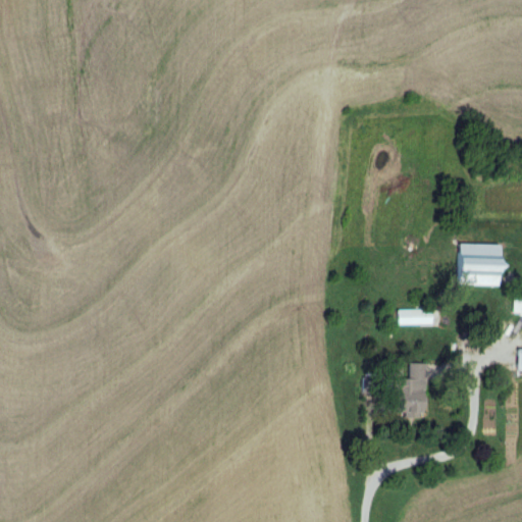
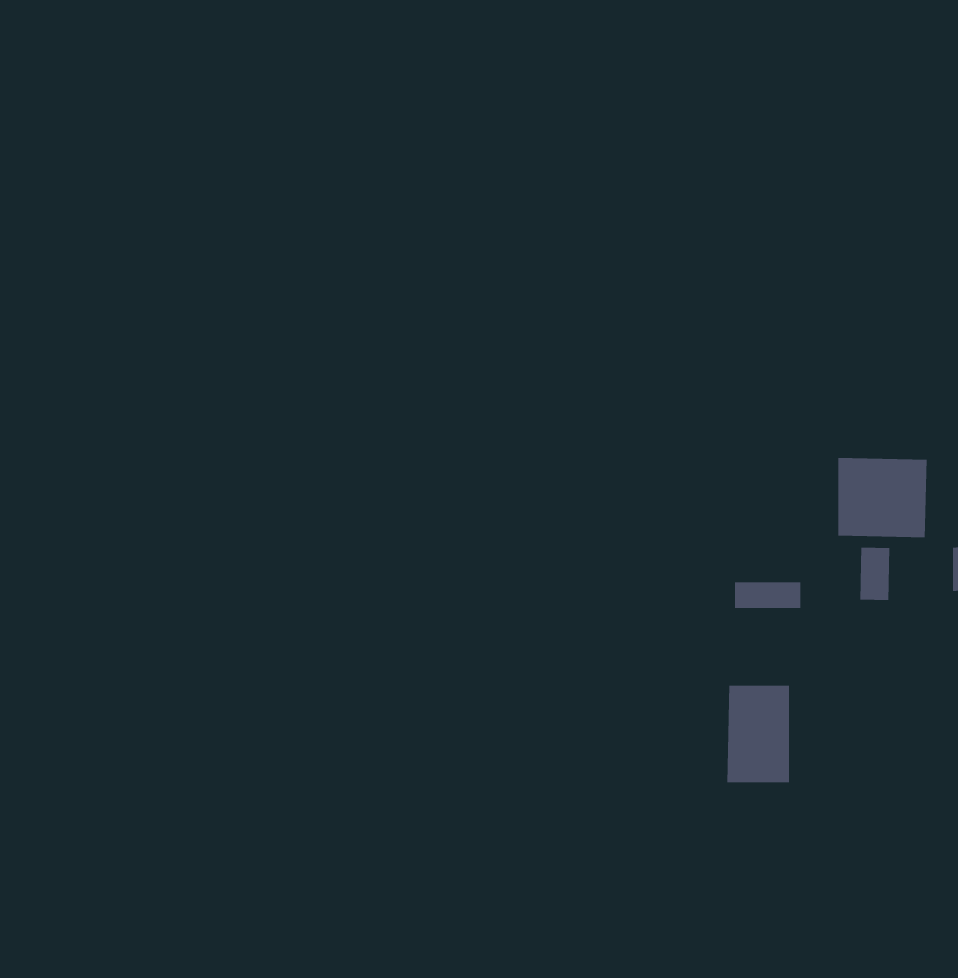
building: none -> [860,547,890,601]

